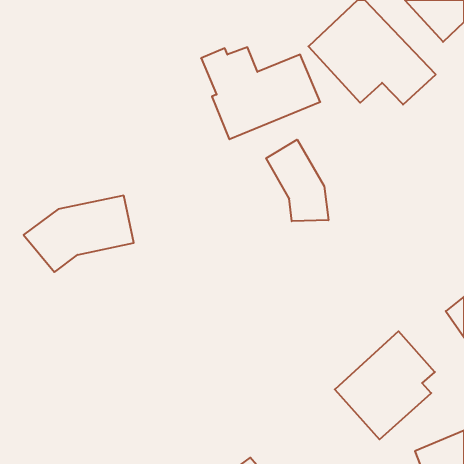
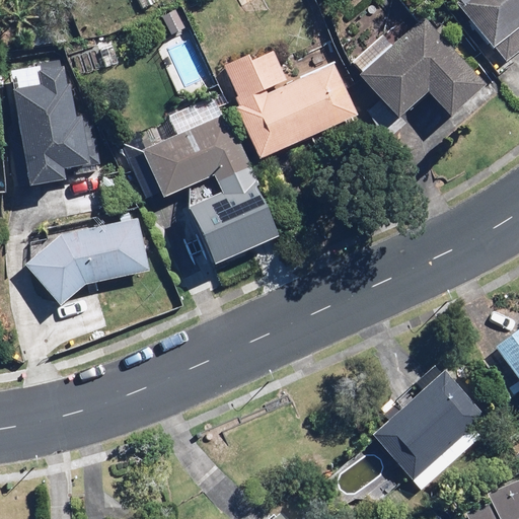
building: none -> [10,64,91,187]
building: none -> [116,97,281,267]
building: [266,140,328,221] -> none

